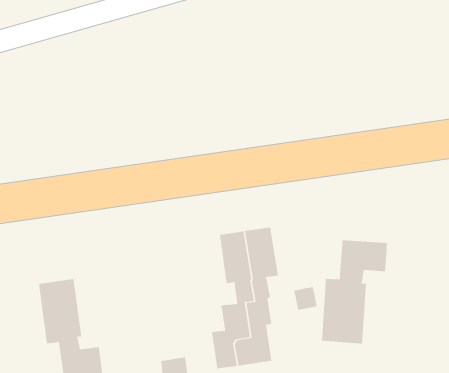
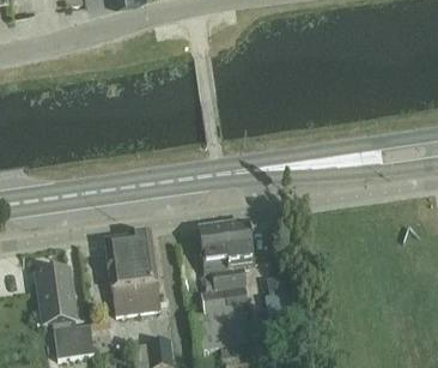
building: [321,240,388,344] -> none
building: none -> [105,231,160,313]

